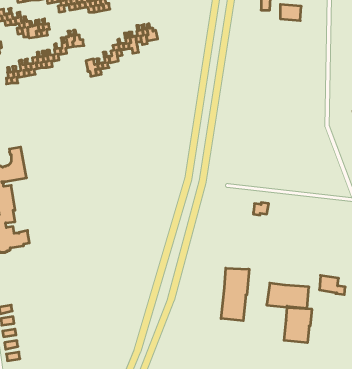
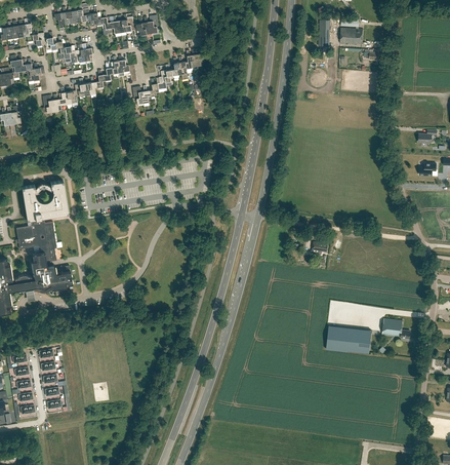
building: [221,268,249,321] -> none
building: [284,307,312,343] -> none

